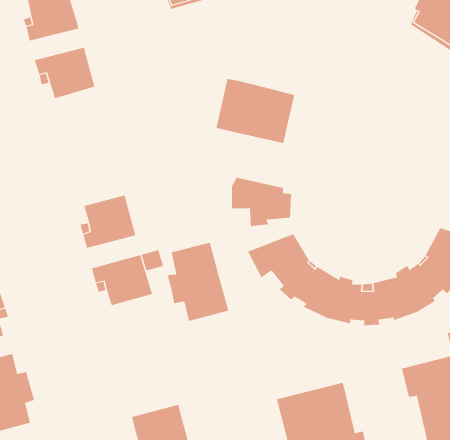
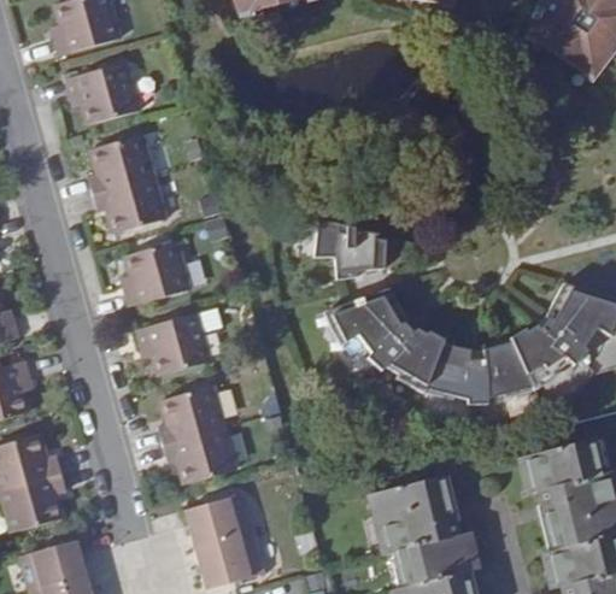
building: [216,78,295,144] -> none
building: none -> [90,136,168,234]
building: [167,242,229,322] -> [160,389,236,486]

